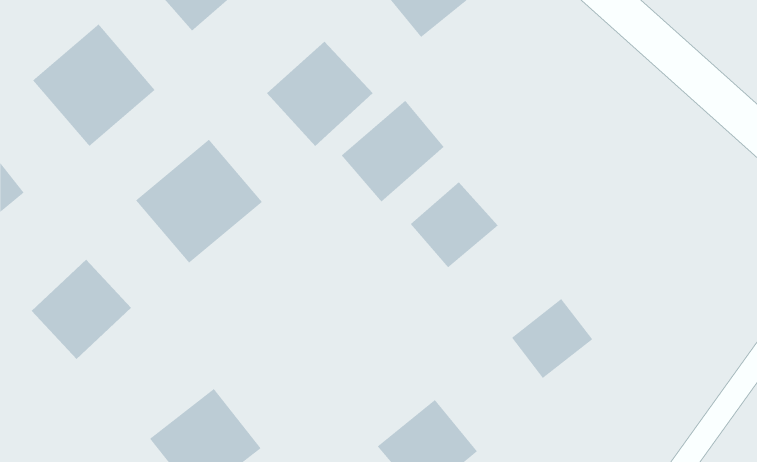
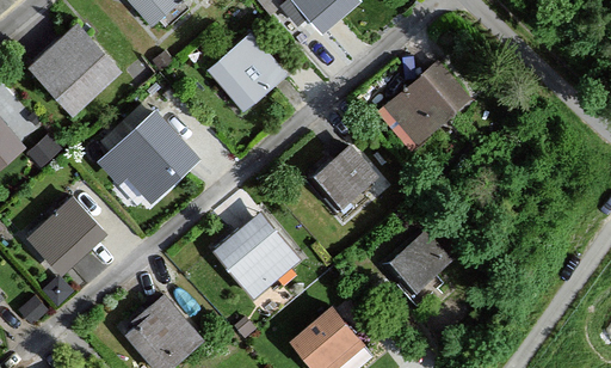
building: none -> [385,70,458,143]
building: [341,100,445,202] -> none
building: none -> [210,210,301,300]

